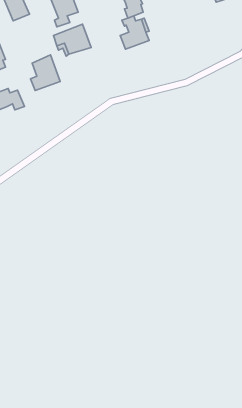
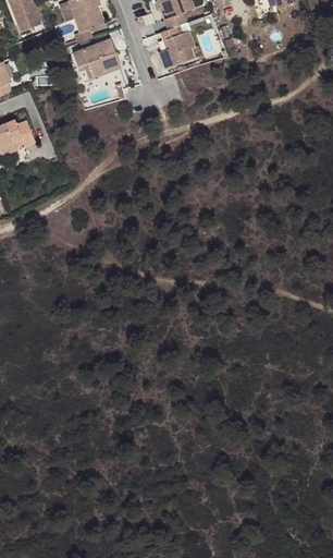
building: [30,55,60,91] -> none

